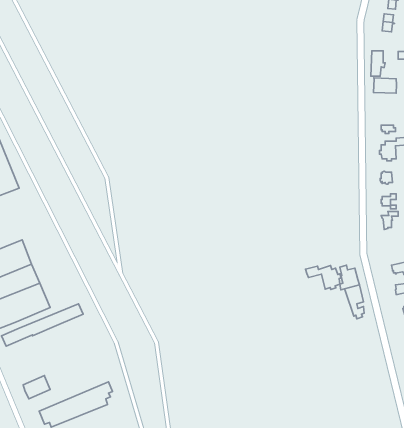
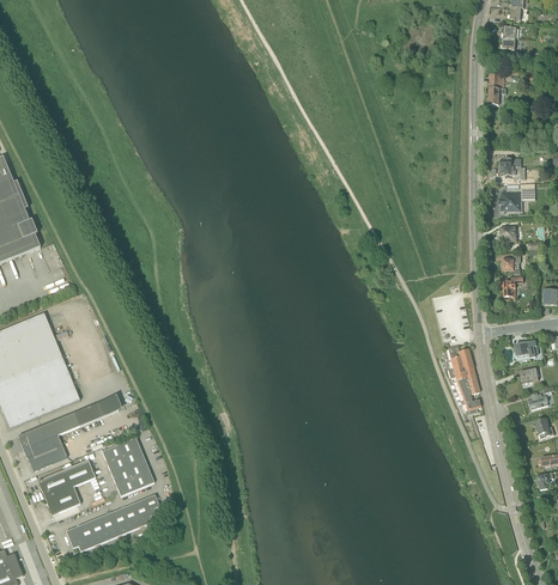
building: [374,78,397,93] -> none
building: [306,265,341,290] -> none
building: none -> [24,433,67,470]
building: none -> [102,437,154,495]
building: none -> [38,458,96,496]

